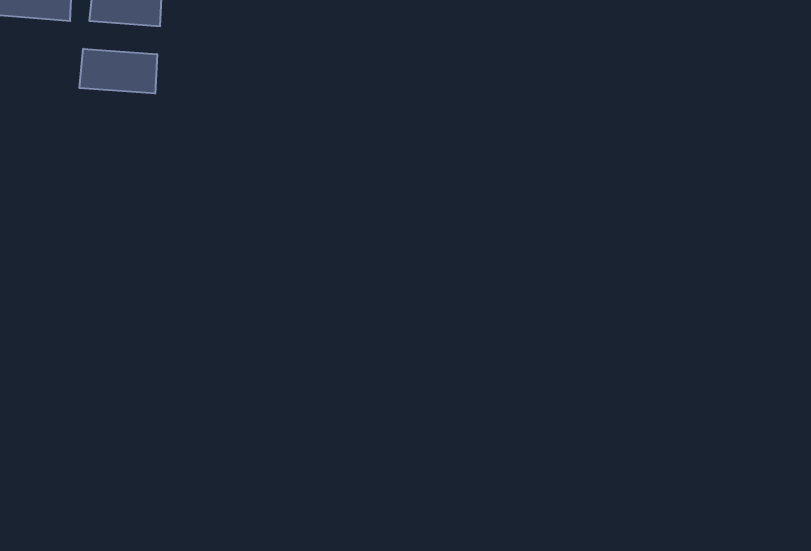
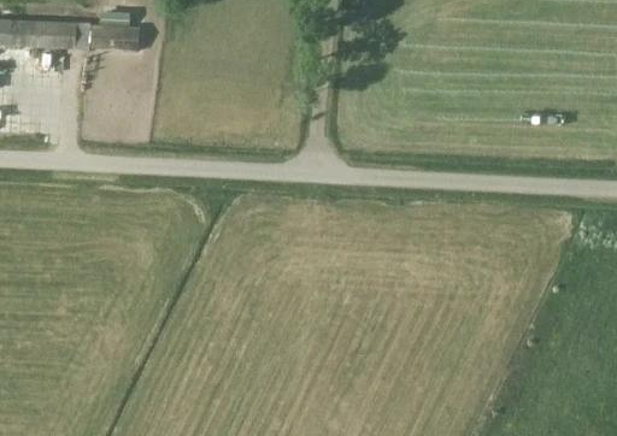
building: [79,49,157,94] -> none

